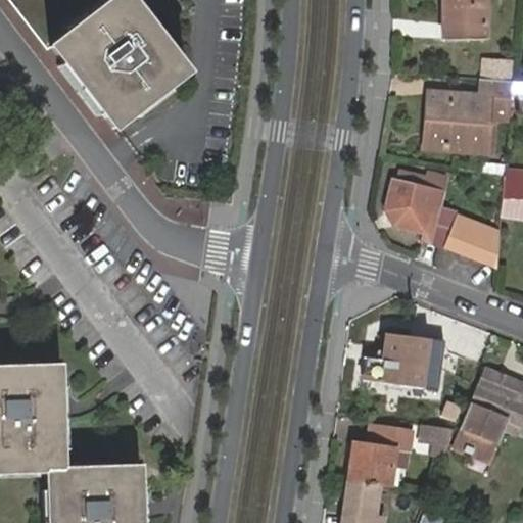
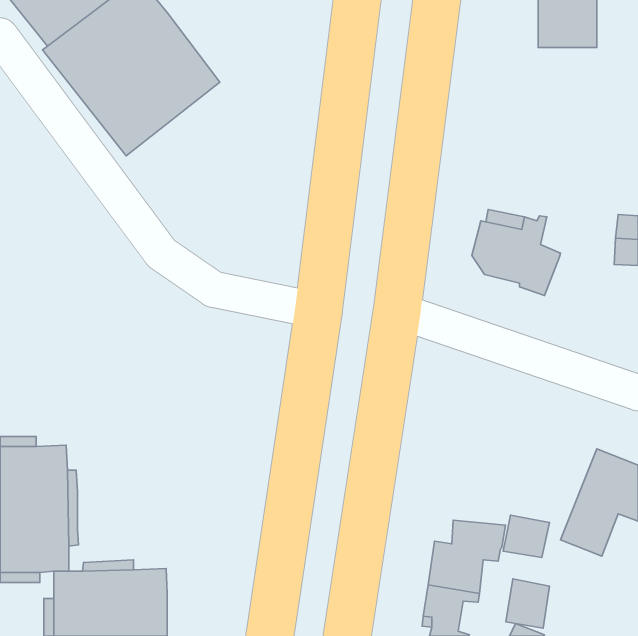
building: [426,78,513,148] -> none
building: [445,210,502,264] -> none
building: [364,333,444,390] -> none
building: none -> [506,579,549,628]

